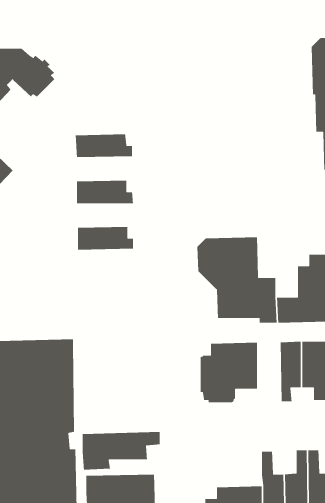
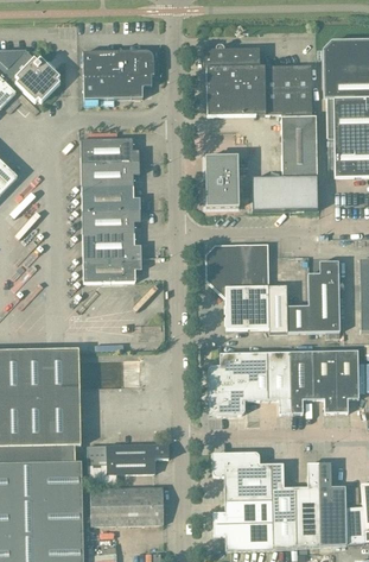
building: none -> [203,44,318,211]
building: none -> [83,49,154,99]
building: none -> [205,156,240,207]
building: none -> [82,162,140,187]
building: none -> [82,210,141,234]
building: none -> [83,257,141,282]
building: none -> [268,352,292,413]
building: none -> [212,452,273,500]

